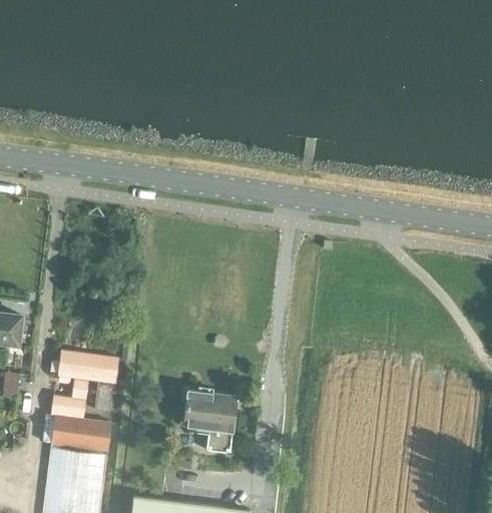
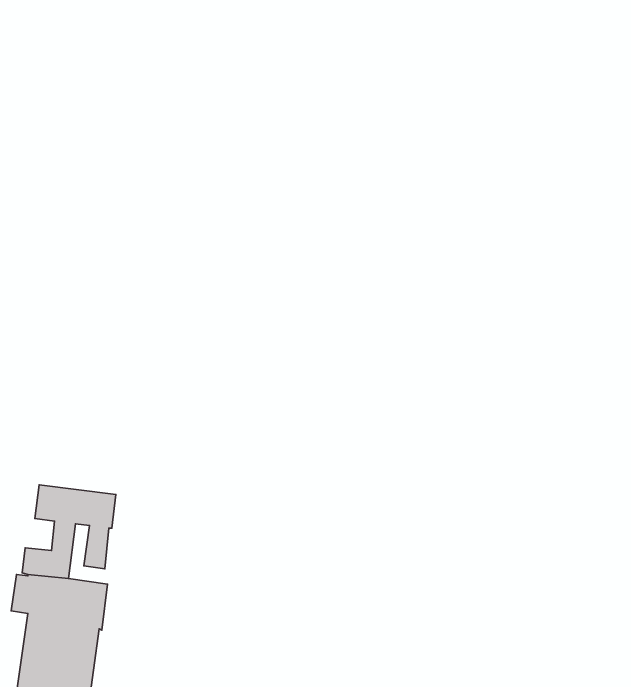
building: [183,393,237,453] -> none

